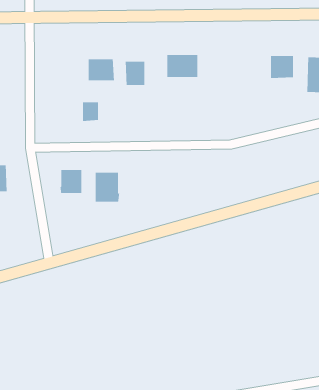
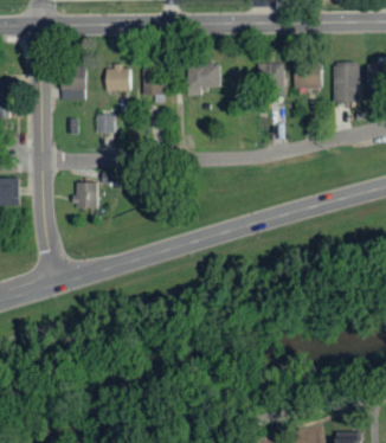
building: none -> [257,64,285,88]
building: none -> [60,68,86,101]
building: [95,172,120,203] -> none

